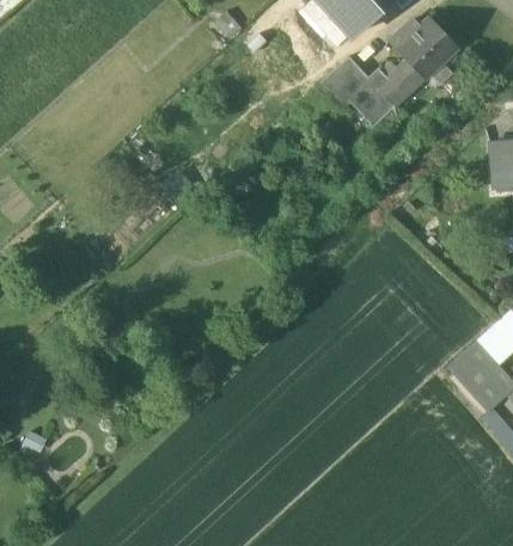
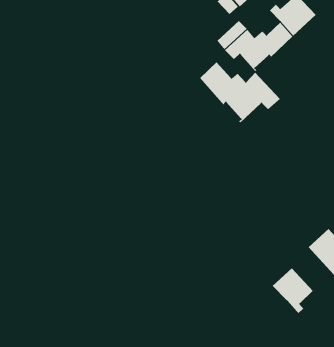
building: none -> [199,61,281,123]
building: none -> [272,267,314,314]

